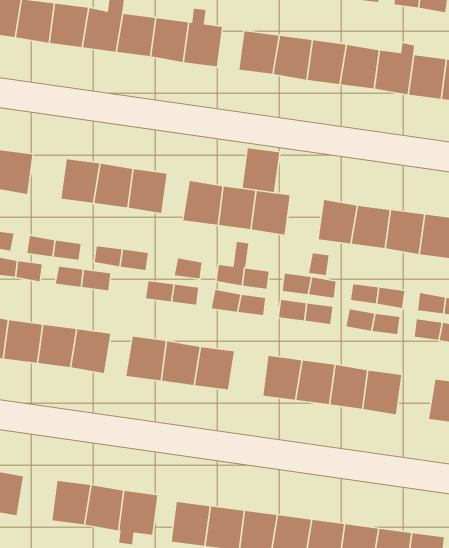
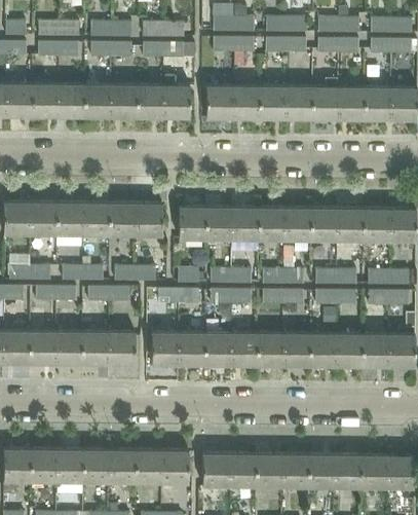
building: [242,148,280,193] -> [259,208,284,240]
building: none -> [58,203,83,234]
building: none -> [231,333,258,365]
building: none -> [363,334,388,366]
building: none -> [82,450,109,482]

